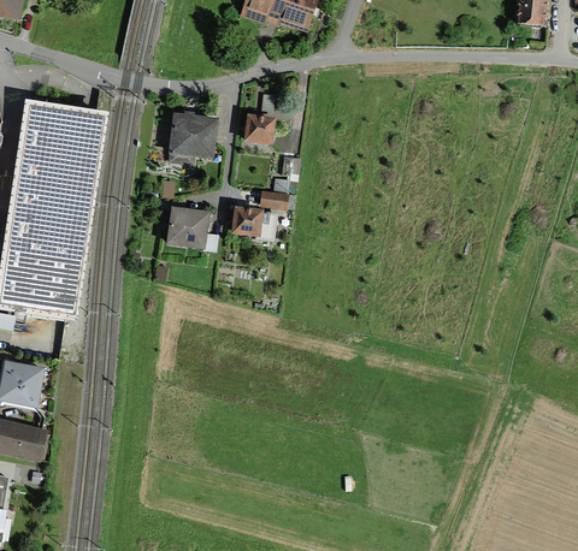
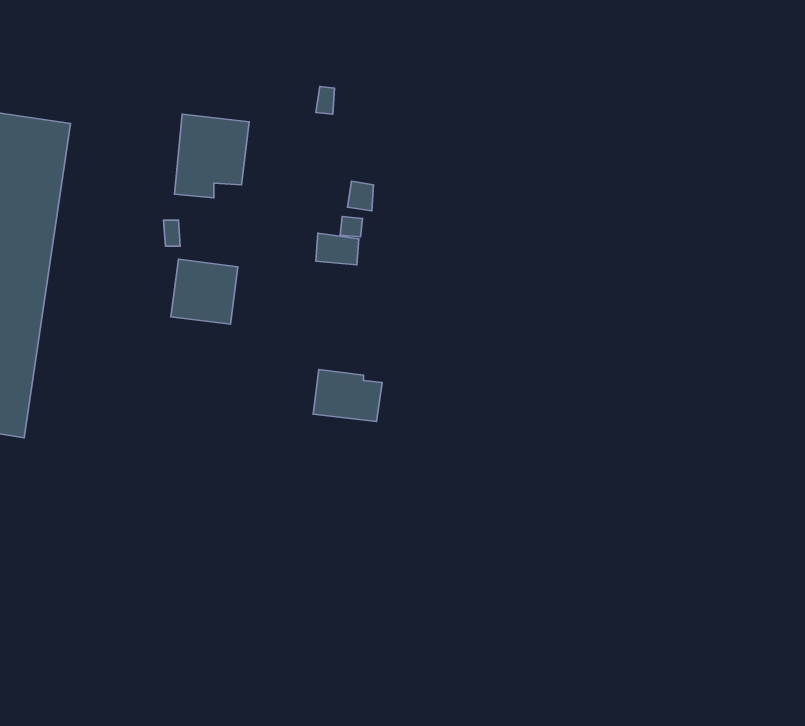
building: [244,112,276,144] -> none
building: [231,203,276,237] -> [313,370,382,422]

